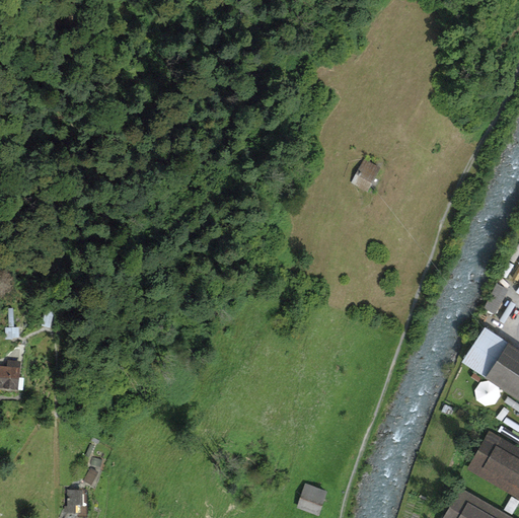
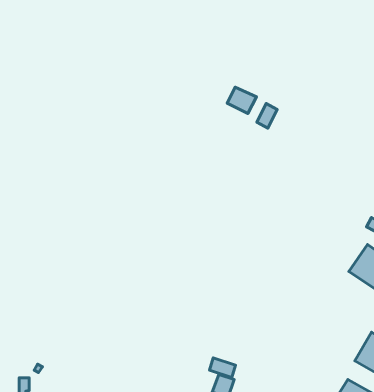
building: none -> [227,87,257,114]
building: none -> [210,358,236,378]

